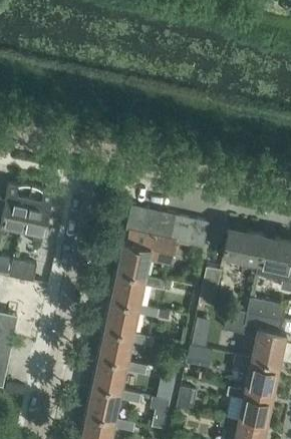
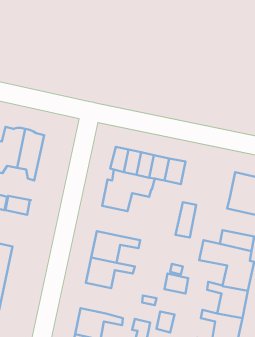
building: [224,228,265,263] -> none
building: [111,272,166,306] -> none
building: [93,357,147,391] -> none

